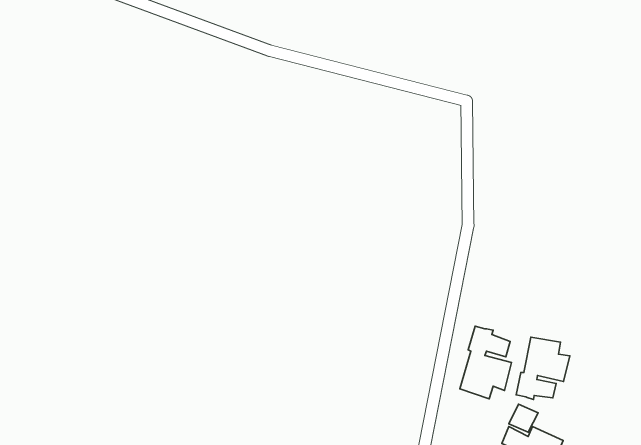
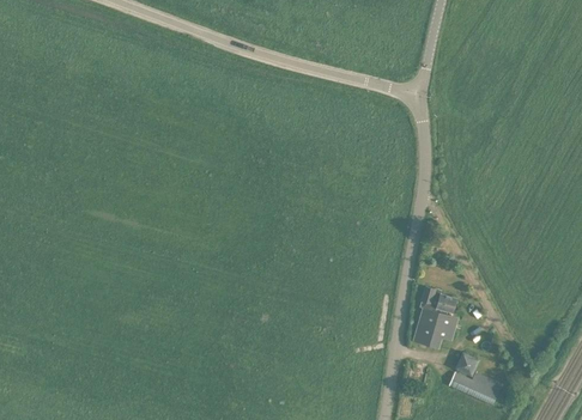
building: [516,337,570,400] -> none

